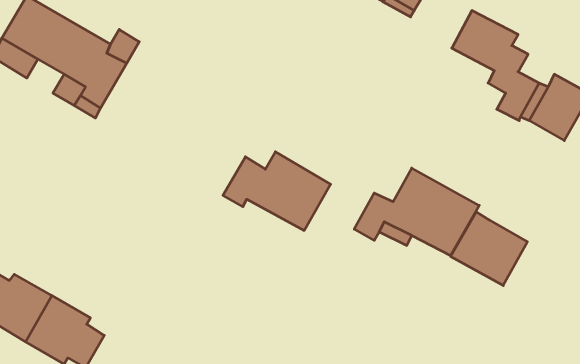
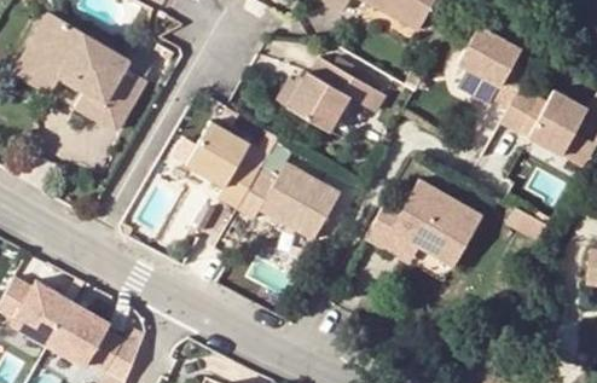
building: none -> [288,54,382,126]
building: none -> [186,121,259,205]
building: [451,212,527,286] -> none

